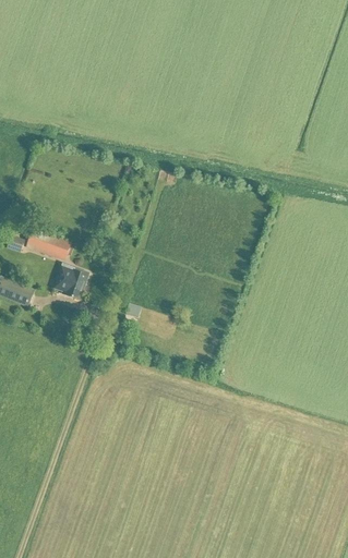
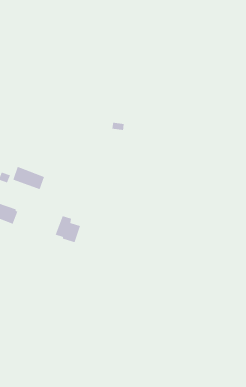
building: [52,263,87,300] -> [55,215,81,243]

